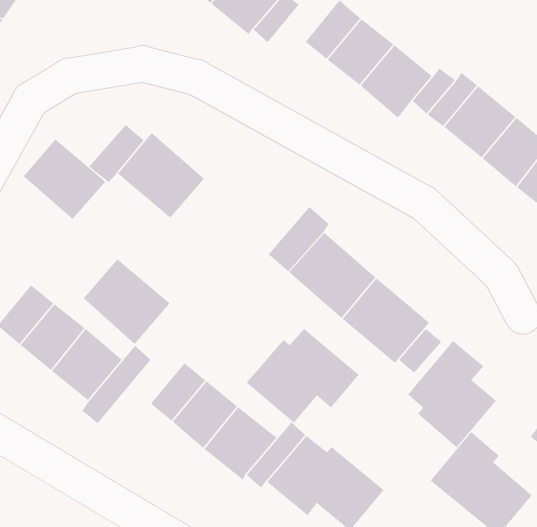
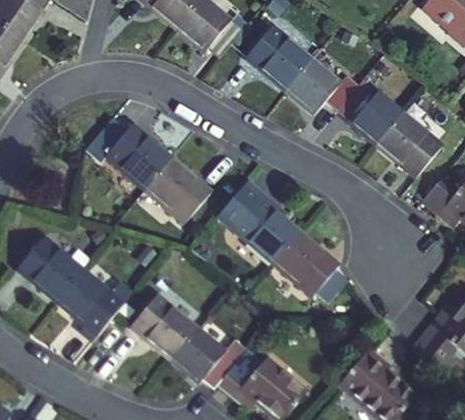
building: [23,139,106,220] -> none
building: [83,258,171,345] -> [147,158,212,222]
building: [246,328,360,424] -> none
building: [408,340,497,448] -> none

